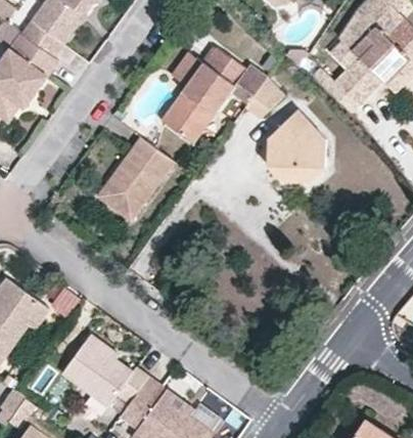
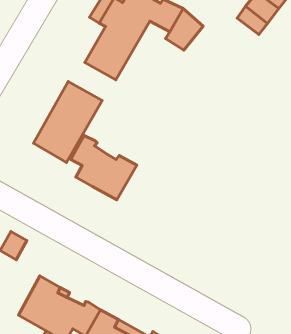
building: [270,107,329,180] -> none
building: none -> [71,136,137,200]

